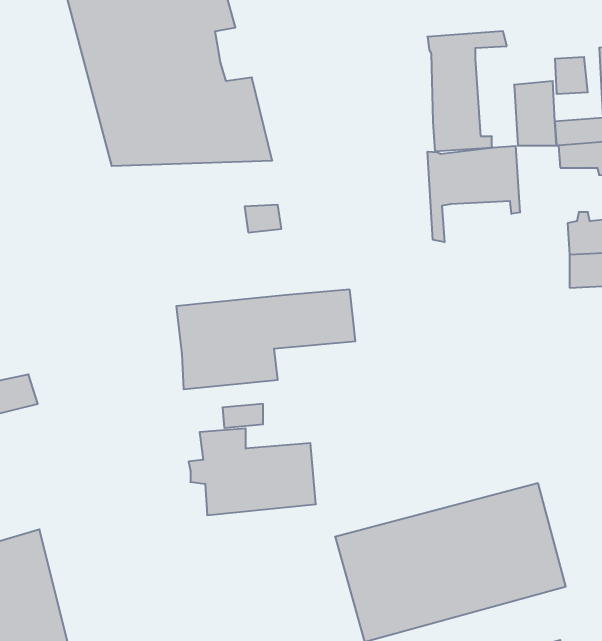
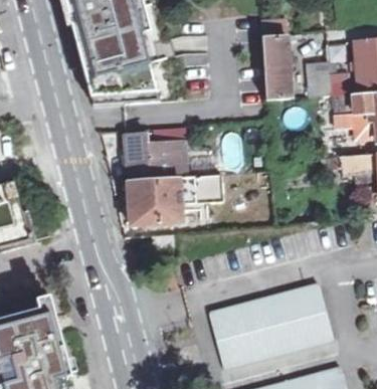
building: [428,146,520,242] -> none
building: [189,428,316,515] -> [114,135,183,182]

